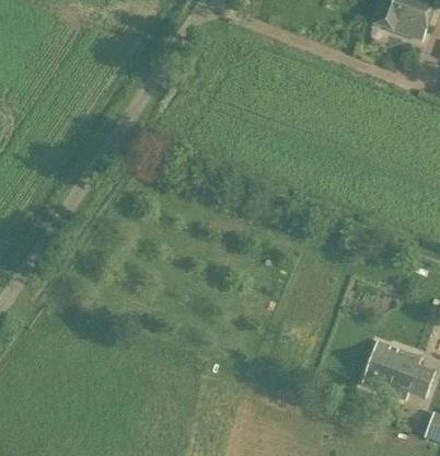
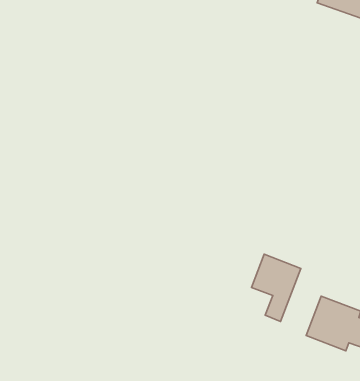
building: none -> [251,254,301,321]

